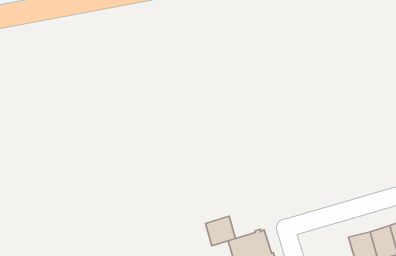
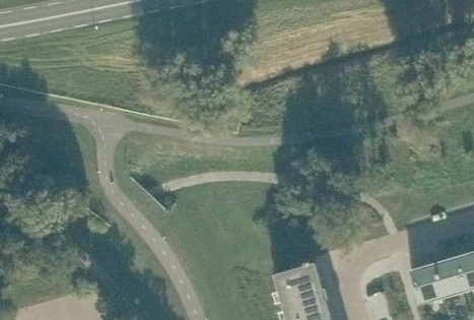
building: [205,216,236,246] -> none

